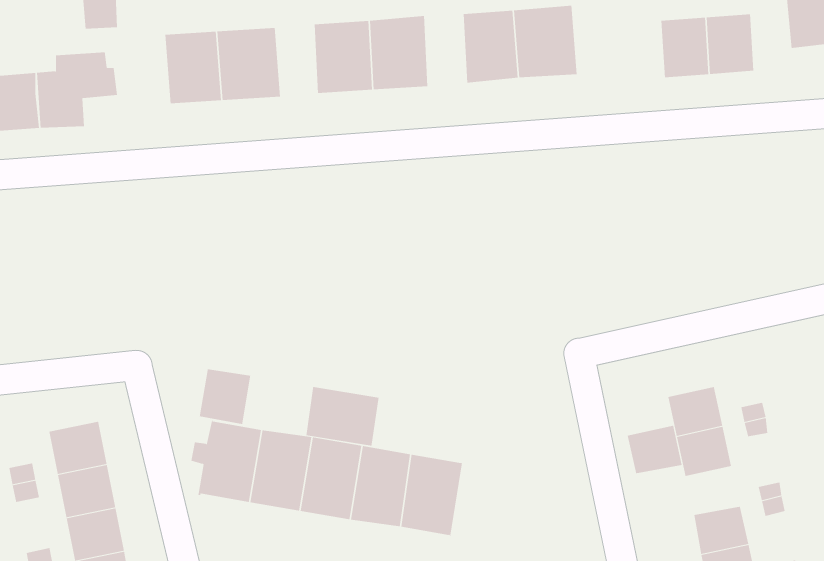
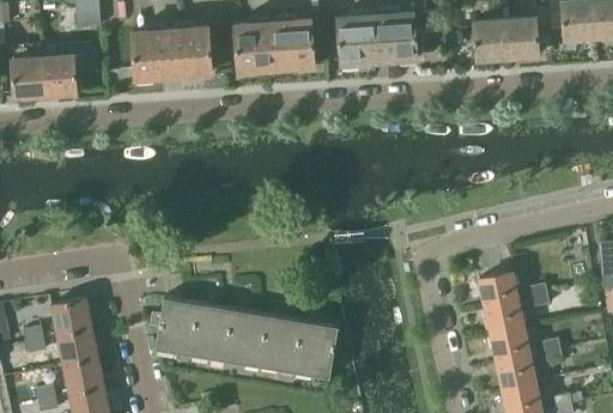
building: [199,368,251,425] -> none
building: [306,386,379,446] -> none
building: [627,425,682,474] -> [491,329,529,363]

